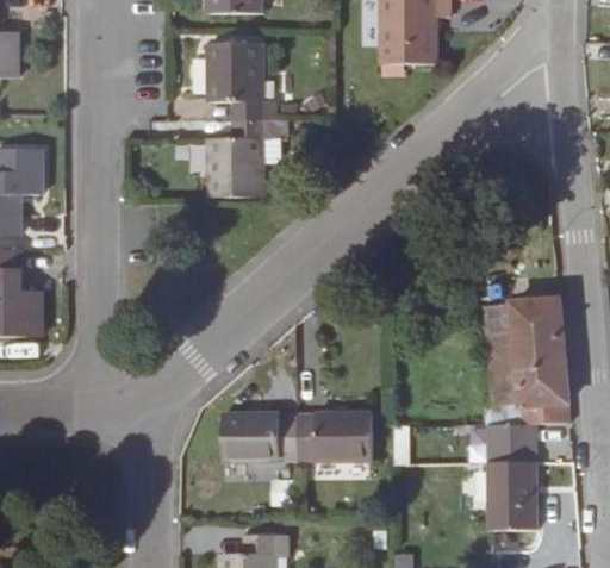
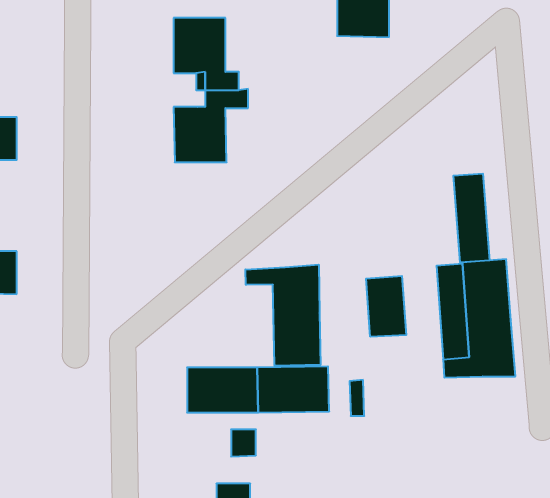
building: none -> [453,174,490,262]
building: none -> [245,265,320,366]
building: none -> [366,276,406,337]
building: [488,422,535,528] -> none

